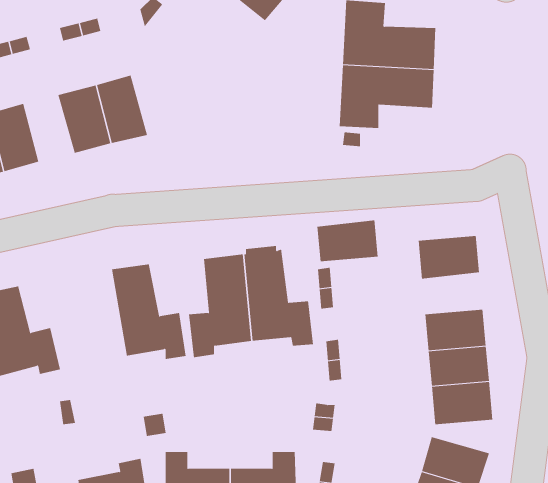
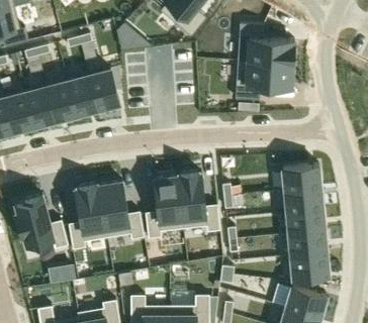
building: none -> [45,80,76,120]
building: [316,220,378,262] -> [285,187,323,212]
building: none -> [68,183,107,249]

